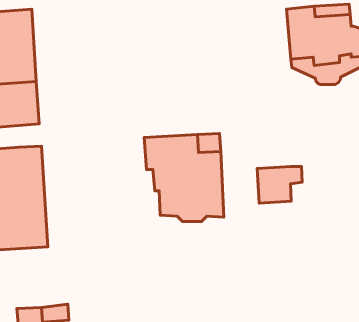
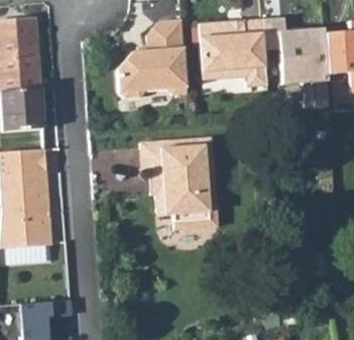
building: none -> [116,19,187,99]
building: none -> [199,21,267,88]
building: [257,166,302,203] -> none

